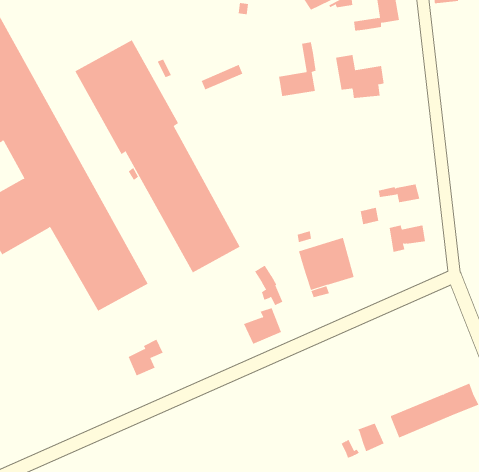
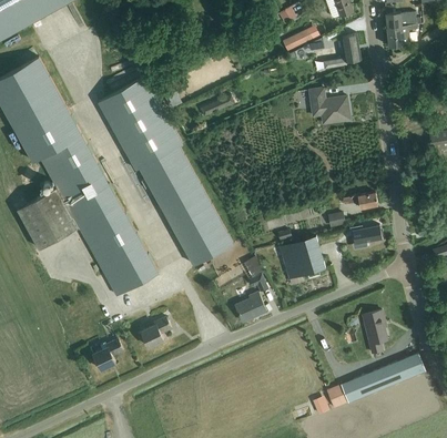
building: [278,41,316,97] -> none
building: none -> [363,310,386,353]
building: none -> [92,339,123,370]

